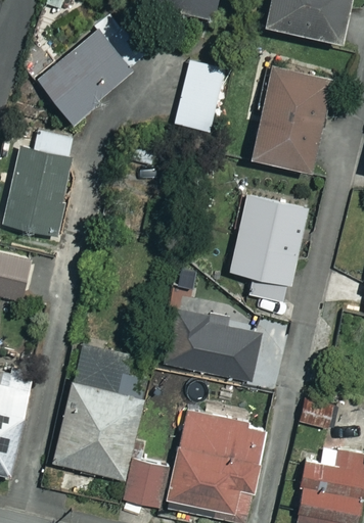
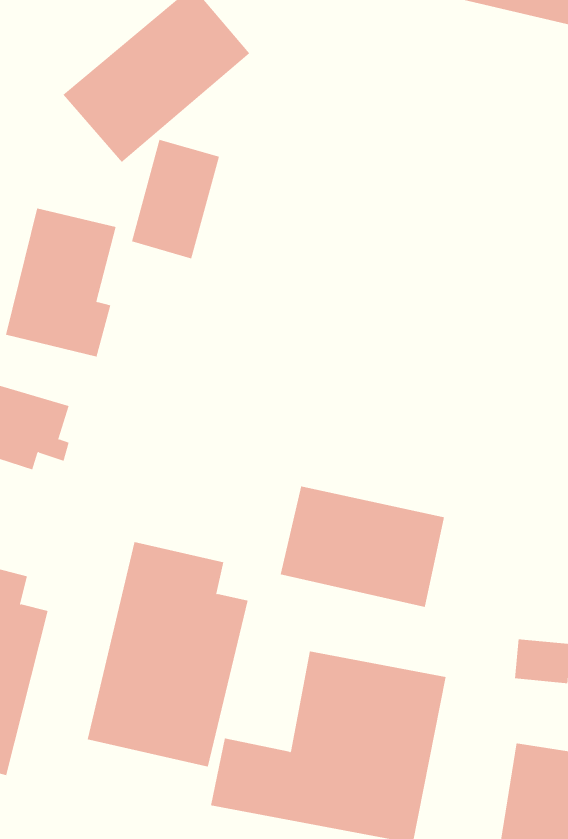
building: [175,61,227,132] -> [131,139,220,259]
building: [248,64,331,170] -> none
building: [229,194,308,304] -> none

